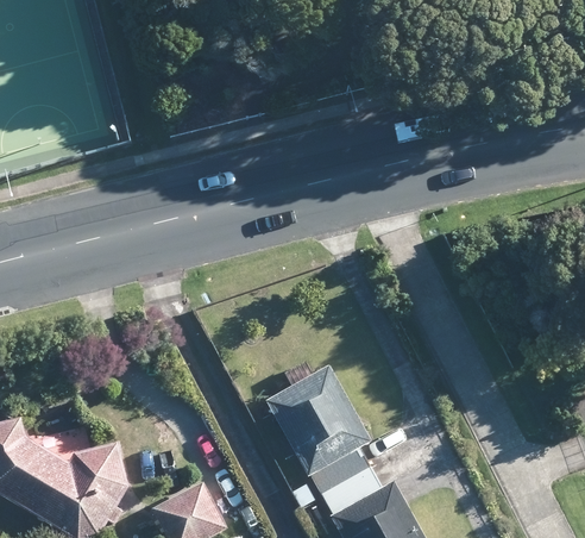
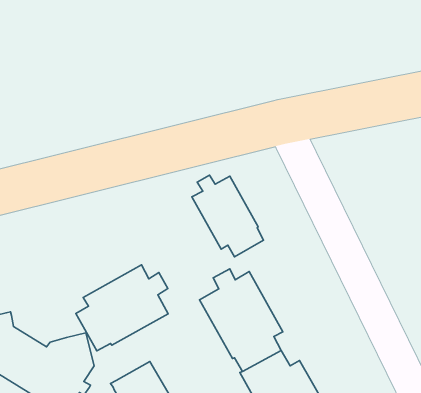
building: none -> [192,175,263,257]
building: none -> [76,265,168,351]

